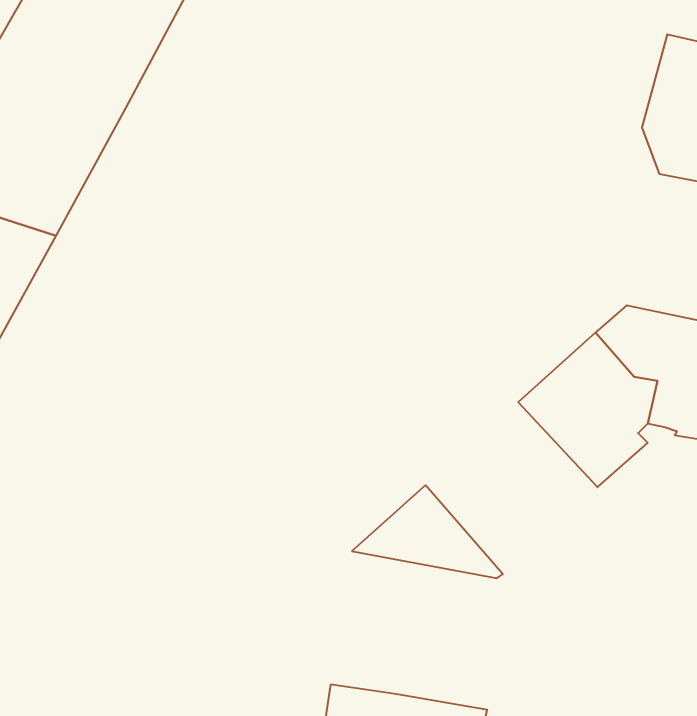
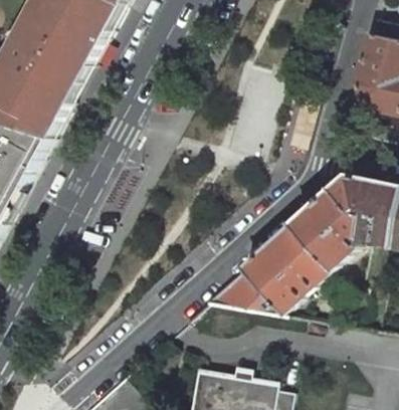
building: none -> [239,225,329,315]

